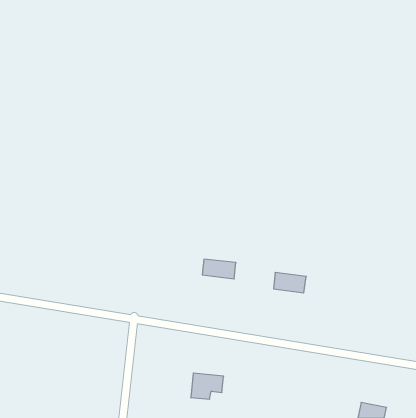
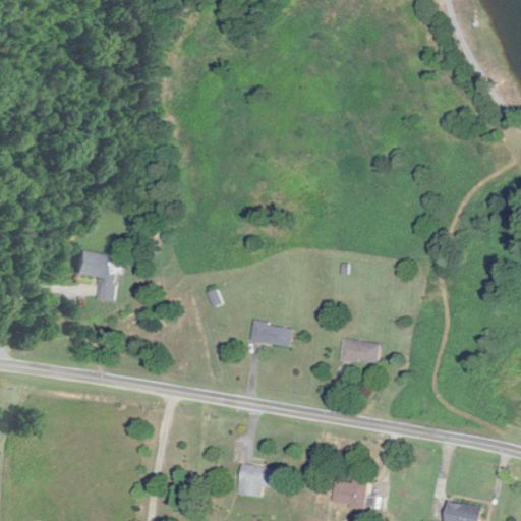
building: none -> [75,253,116,302]
building: none -> [331,478,369,507]

